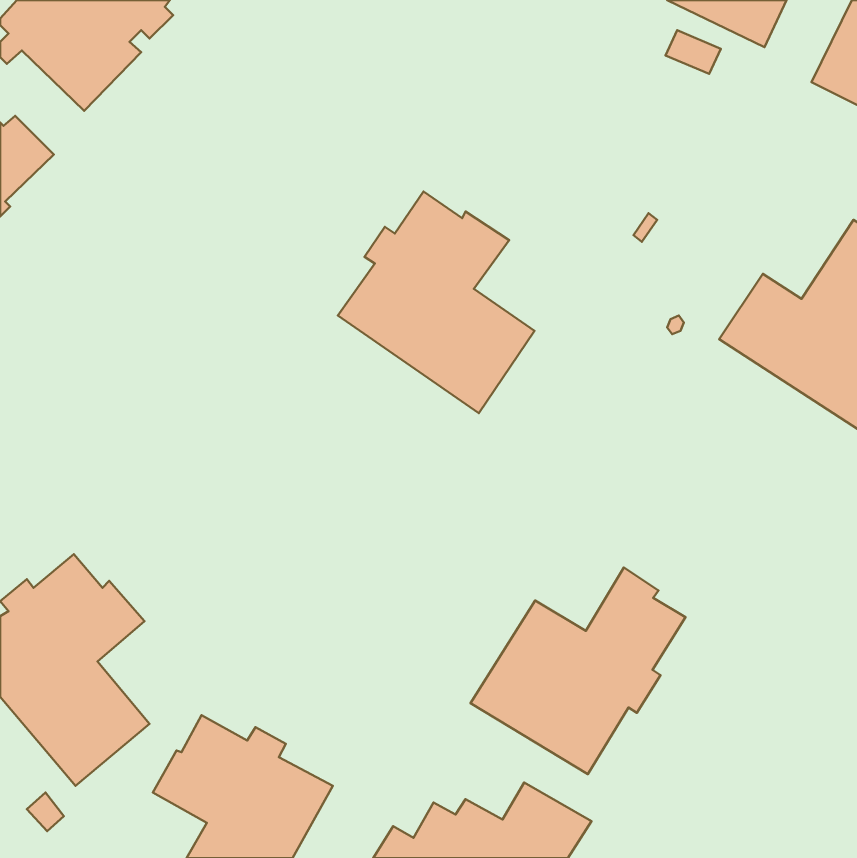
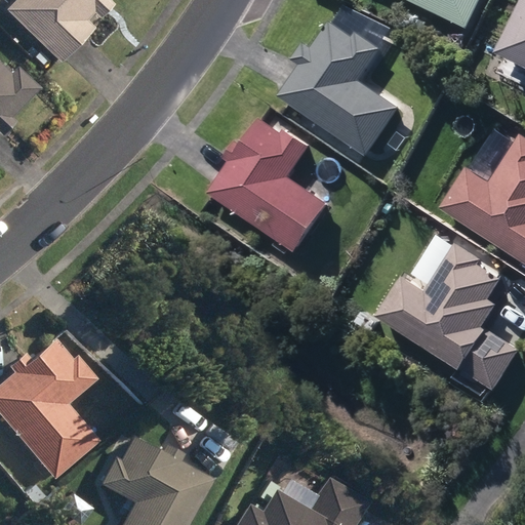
building: none -> [279,22,400,156]
building: none -> [375,242,520,391]
building: [471,567,685,774] -> none

